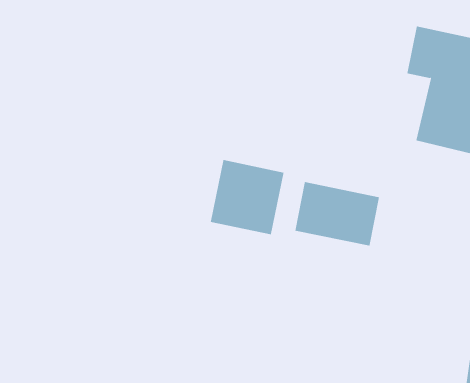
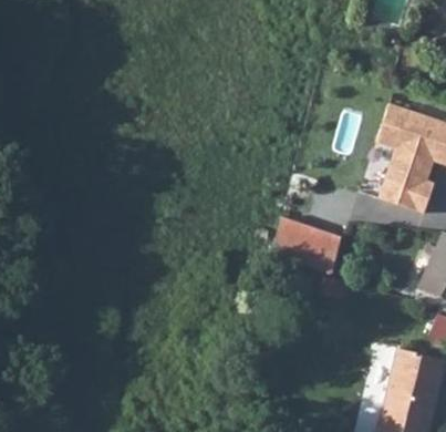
building: [210,159,284,235] -> none

